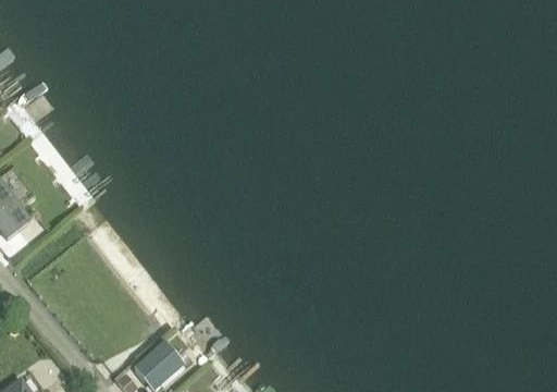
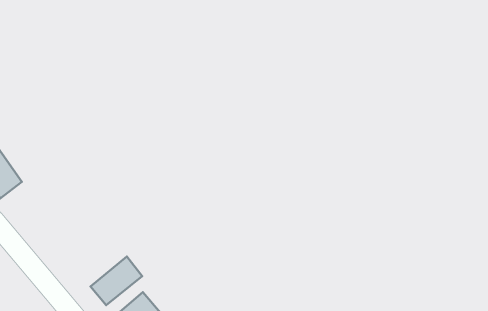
building: none -> [90,256,142,305]

